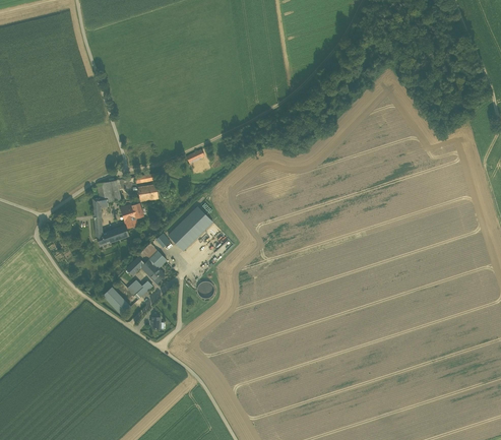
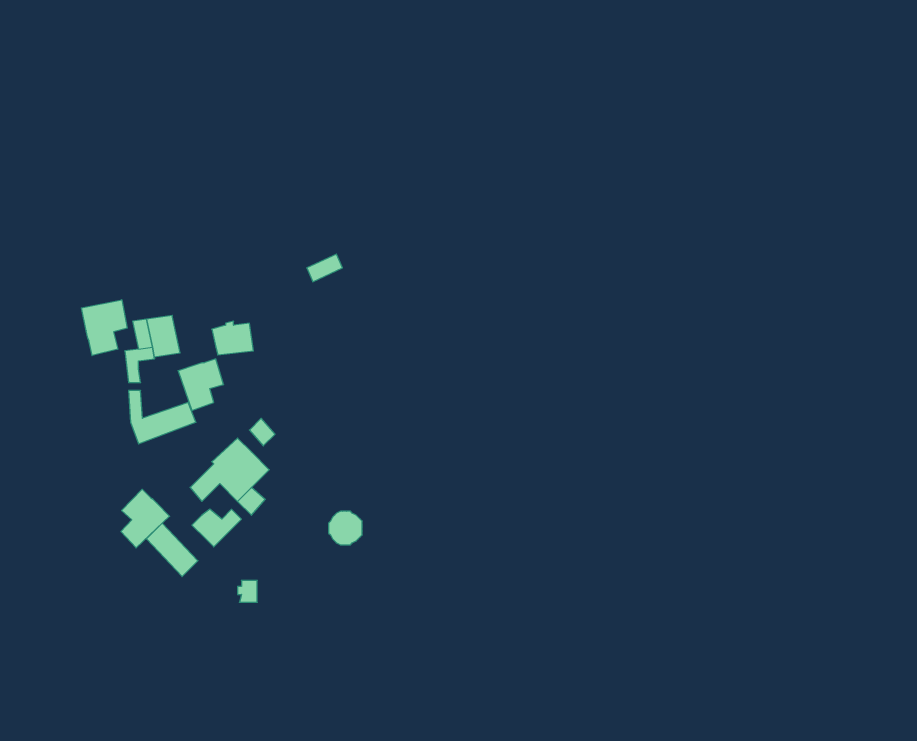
building: none -> [81,300,127,356]
building: [169,206,212,250] -> none
building: none -> [121,489,170,548]

